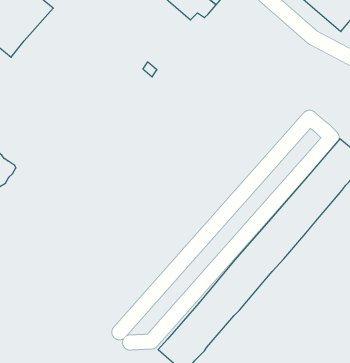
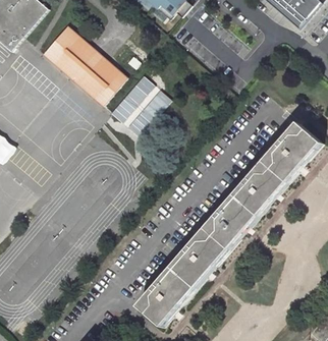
building: none -> [42,24,125,105]
building: none -> [110,74,172,136]

